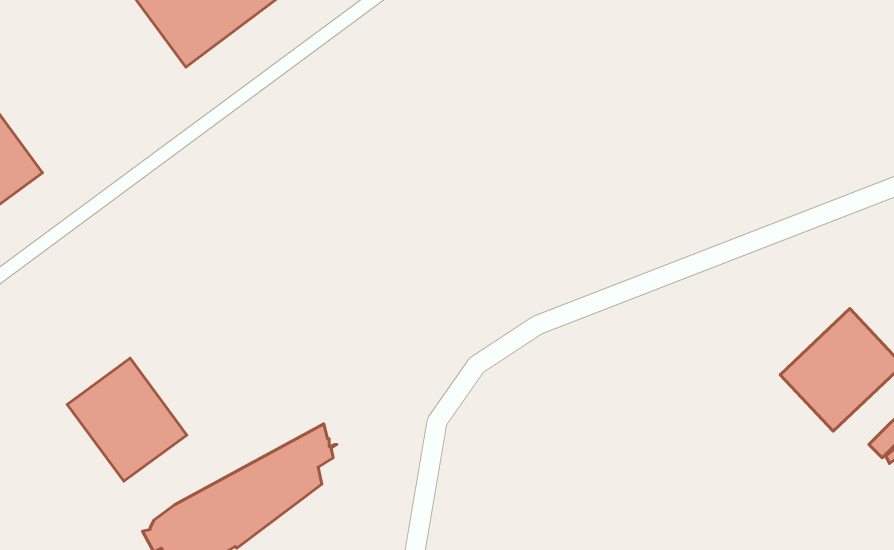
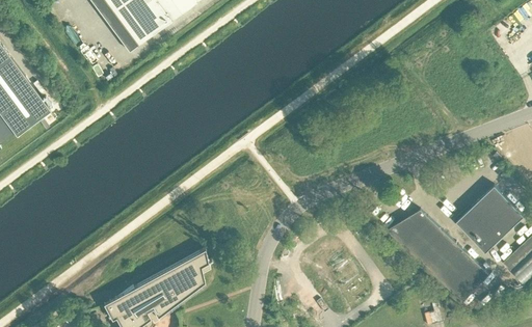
building: none -> [395,209,489,301]
building: [67,358,187,481] -> none

